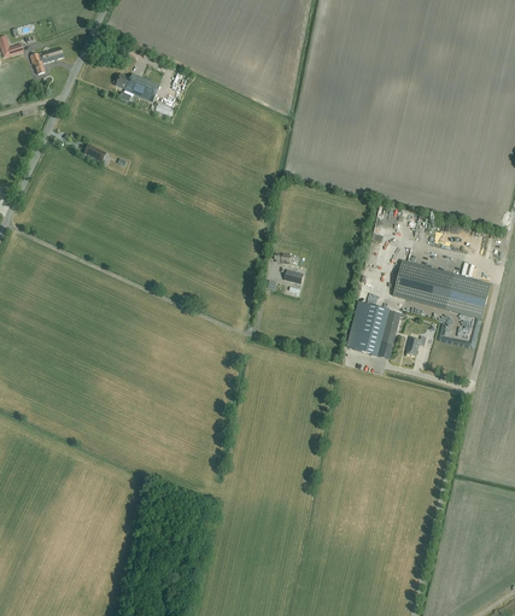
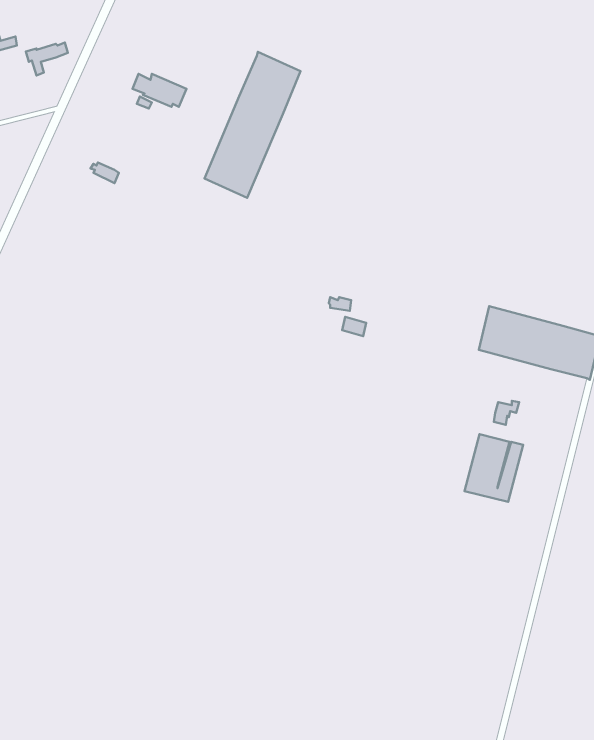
building: none -> [205,52,300,198]
building: [353,303,400,357] -> [465,434,523,502]

